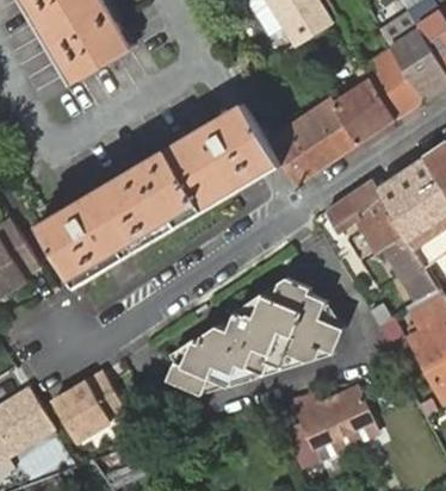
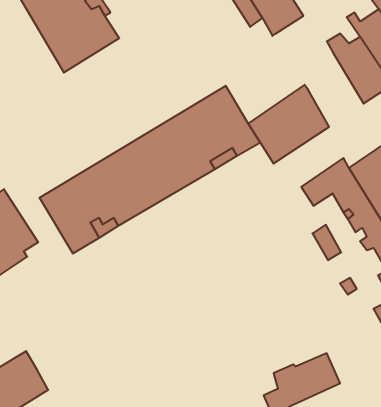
building: [333,67,392,145] -> none
building: [167,276,341,392] -> none
building: [56,369,129,439] -> none

